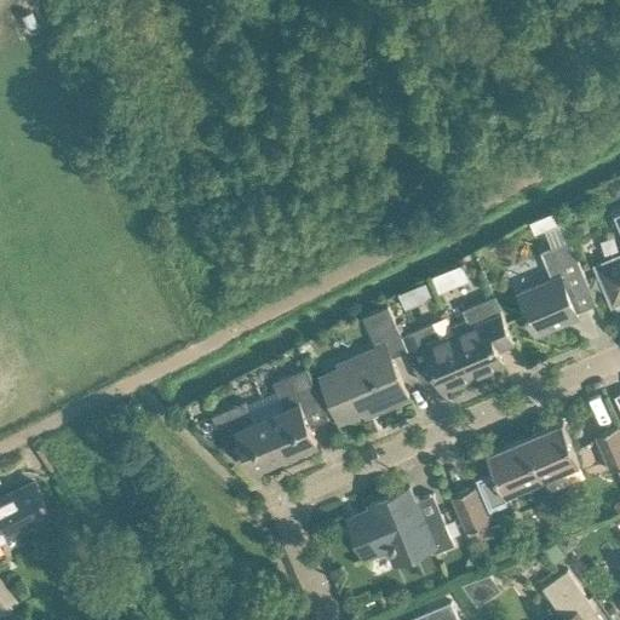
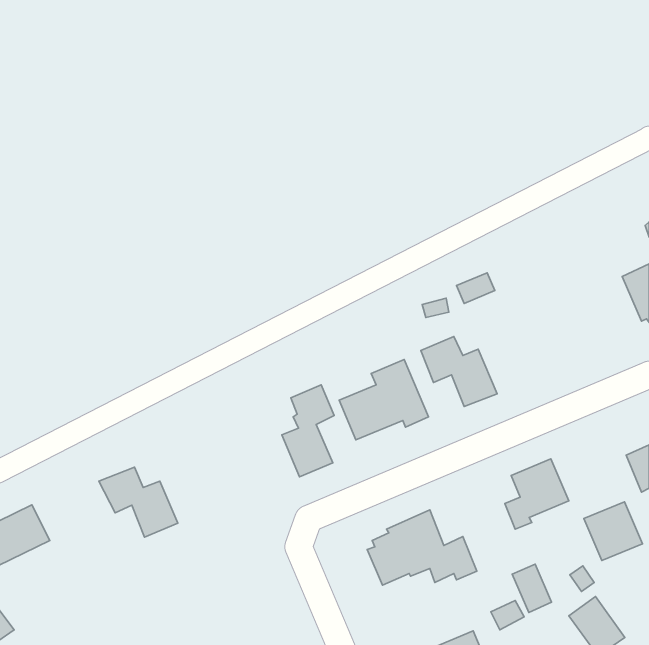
building: [517,245,595,338] -> none
building: [450,300,512,380] -> none
building: [362,309,397,345] -> none
building: [209,406,285,472] -> [99,467,178,537]
building: [523,426,579,482] -> [584,502,643,560]
building: [450,489,488,535] -> [512,564,552,613]

